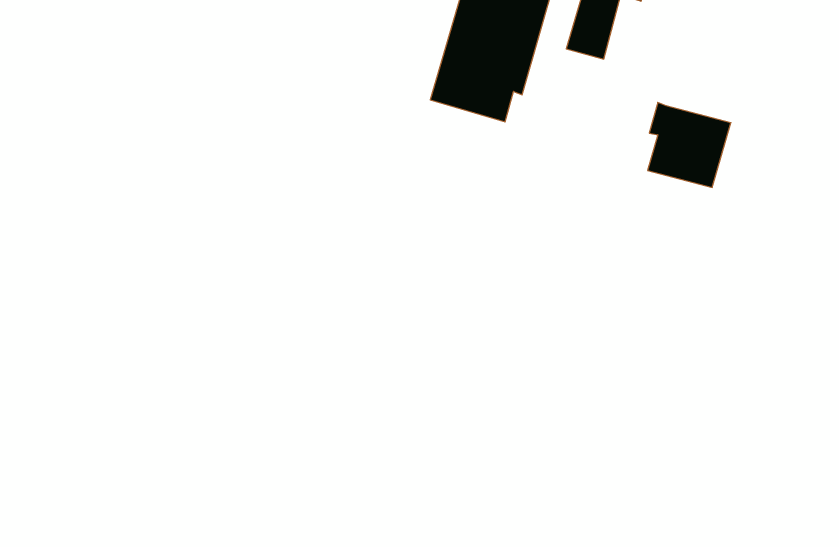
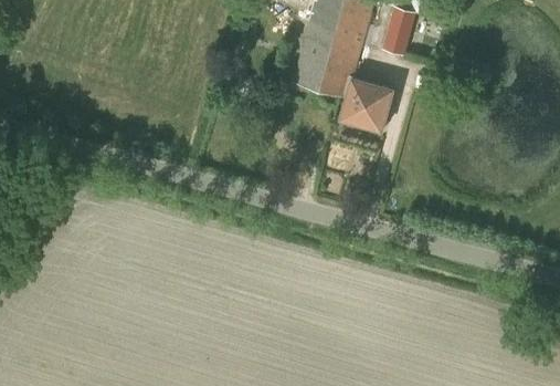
building: [648,102,731,187] -> [339,77,393,133]

